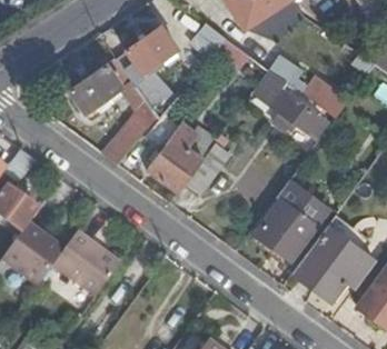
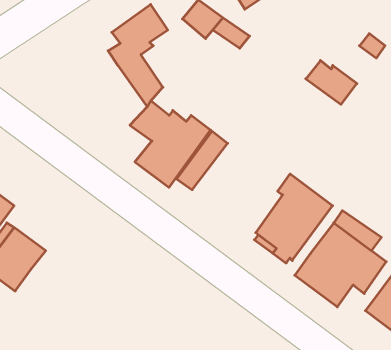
building: [69,56,158,163] -> none
building: [255,73,327,134] -> none
building: [52,231,121,297] -> none

